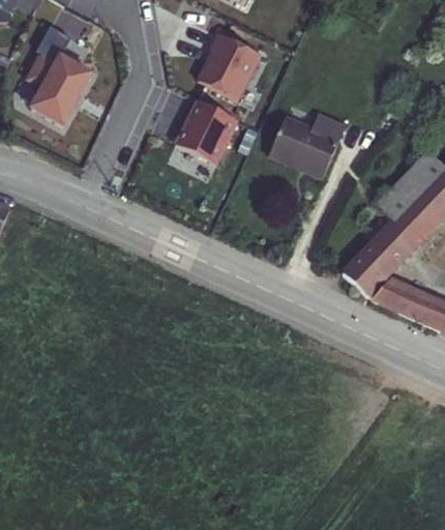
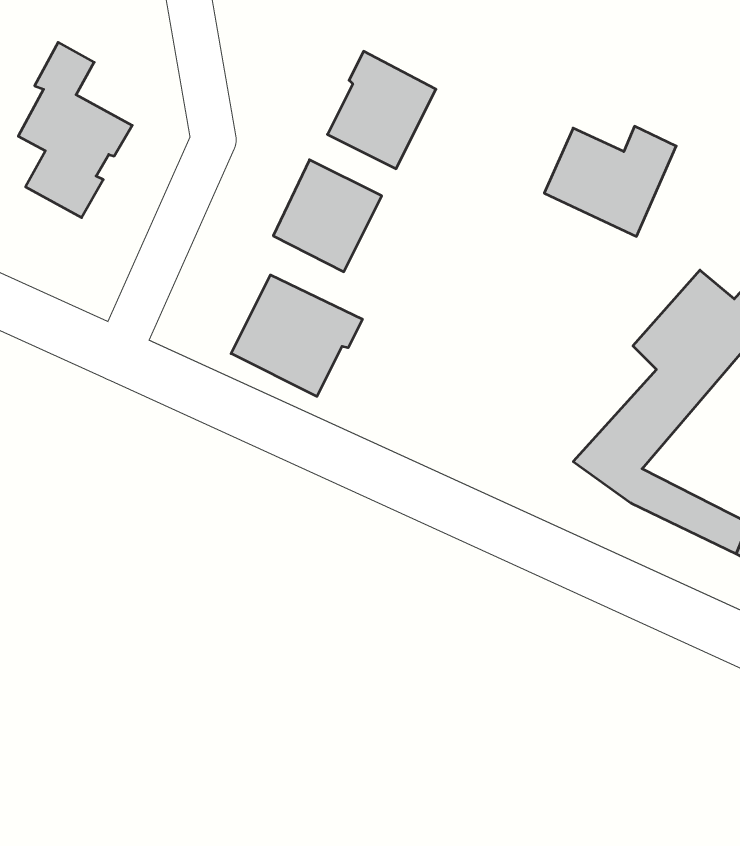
building: [262,121,337,184] -> [544,126,676,236]
building: none -> [231,275,362,396]

